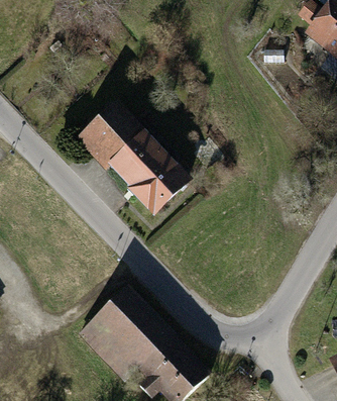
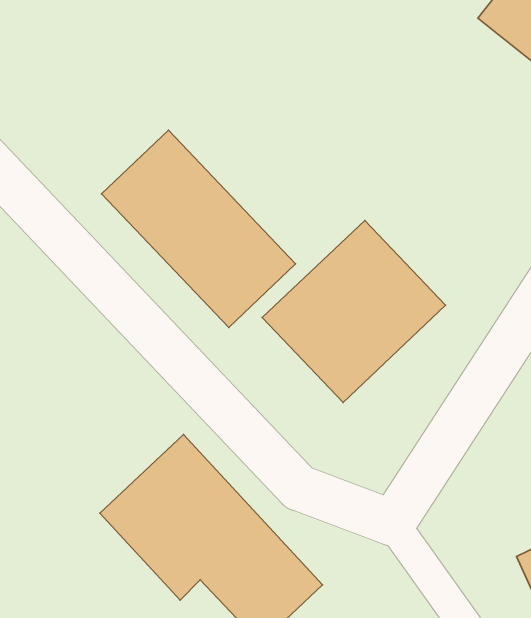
building: none -> [262,220,445,403]

